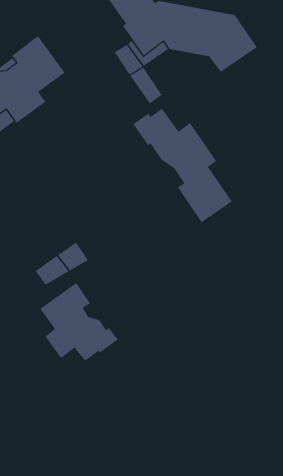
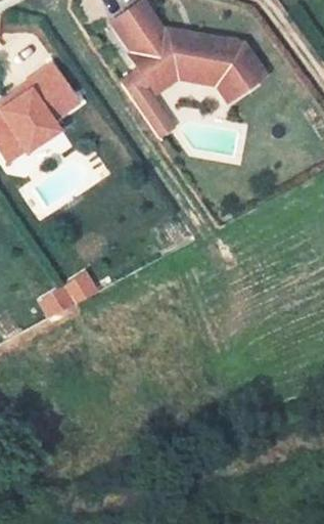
building: [132,108,233,223] -> none
building: [40,282,119,362] -> none

